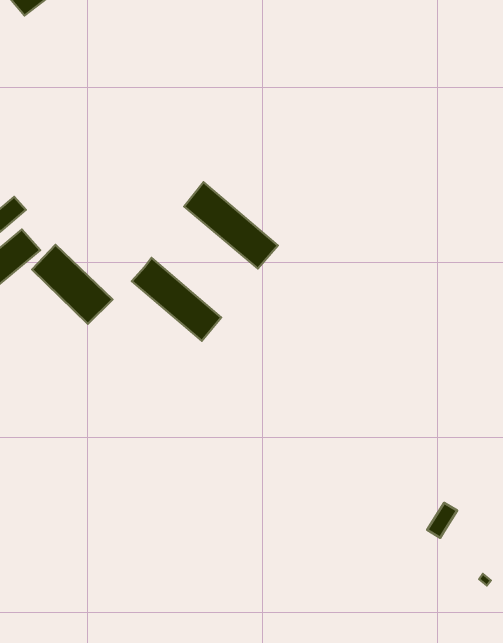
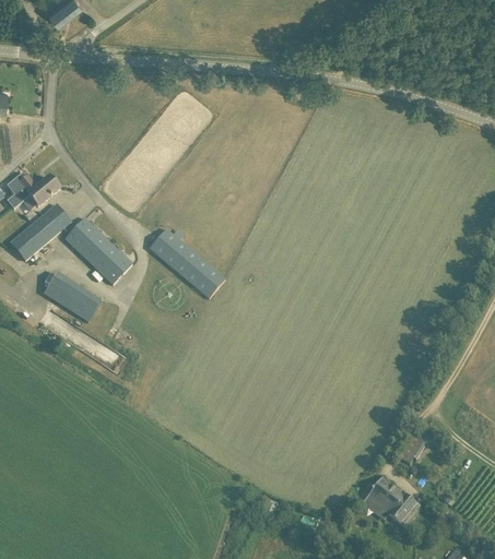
building: [184,182,278,268] -> none
building: none -> [43,273,102,321]
building: none -> [366,477,416,524]

